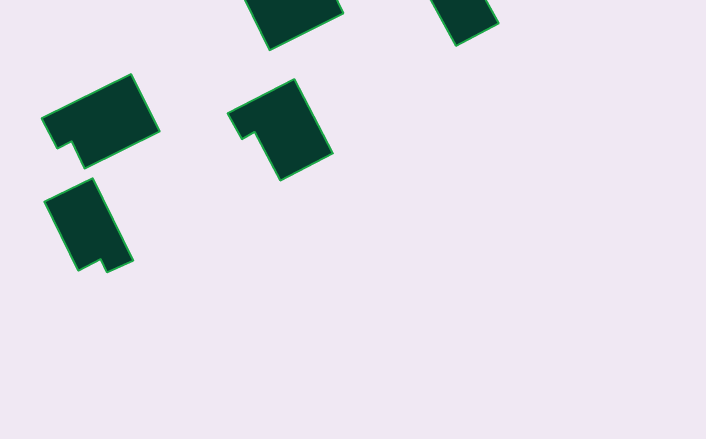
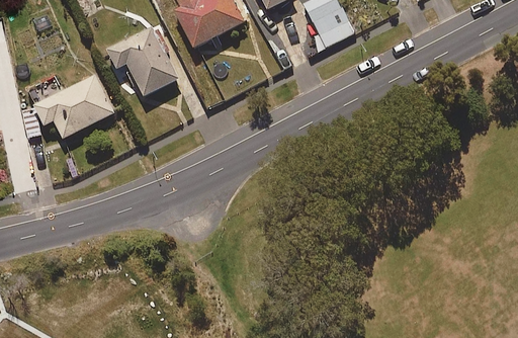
building: [228,79,333,180] -> [106,27,181,99]
building: [44,178,133,272] -> none

